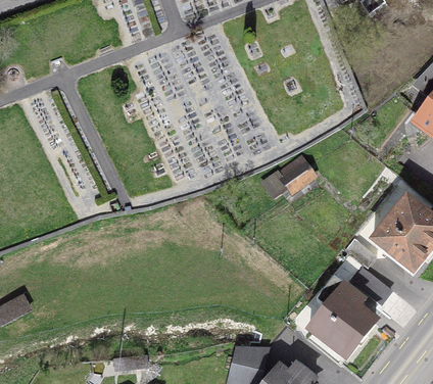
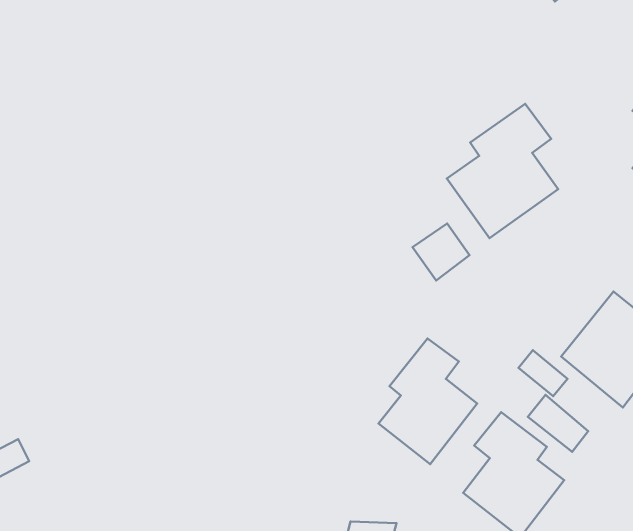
building: none -> [447,104,558,238]
building: none -> [378,338,477,464]

